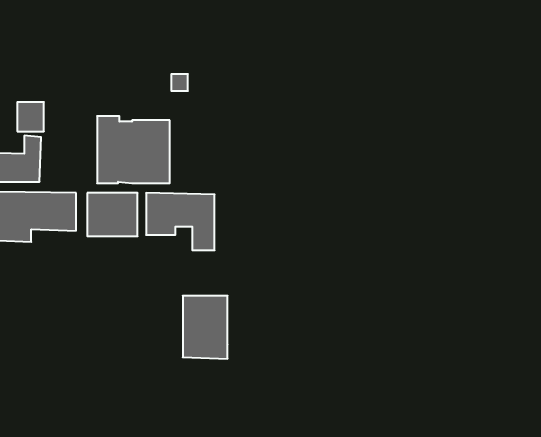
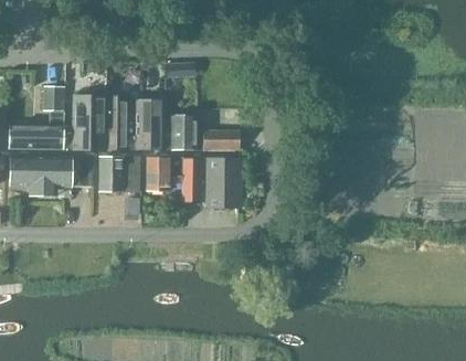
building: none -> [72,96,104,149]
building: none -> [163,116,195,149]
building: none -> [201,130,237,150]
building: [183,296,228,359] -> [204,158,240,208]

